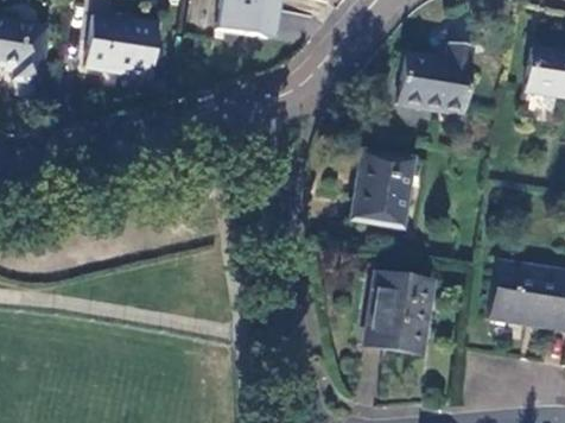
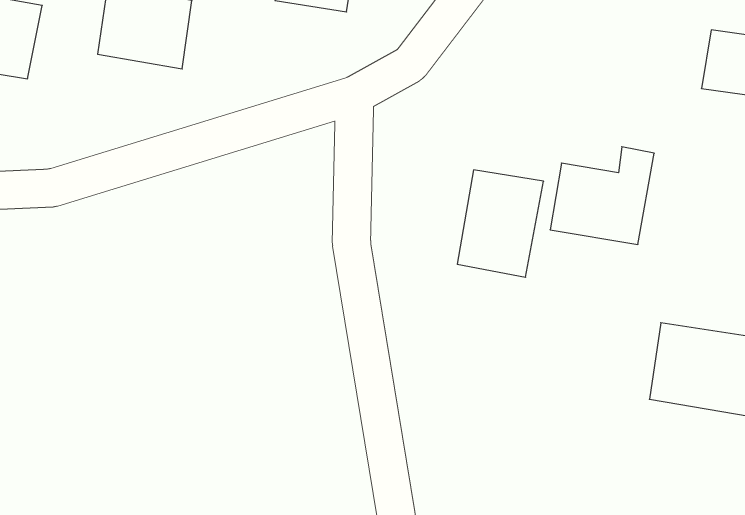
building: [398,42,474,113] -> [550,147,654,244]
building: [364,274,432,353] -> none

